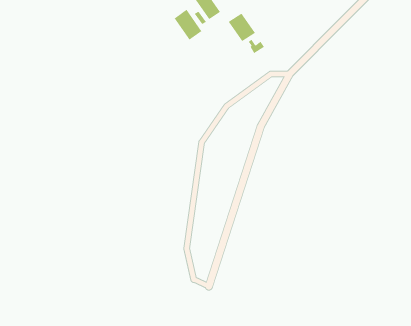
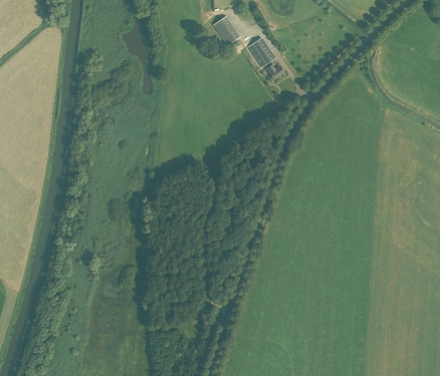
building: [174,9,202,41] -> none

